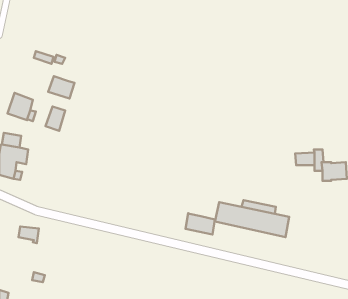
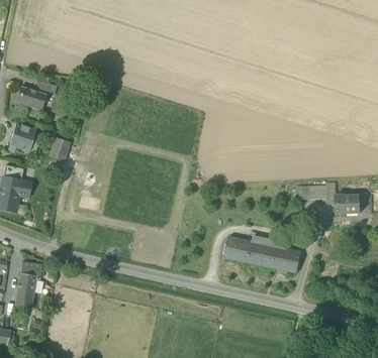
building: [48,76,74,99] -> [16,87,43,110]
building: [185,213,215,234] -> none
building: none -> [13,273,35,308]

